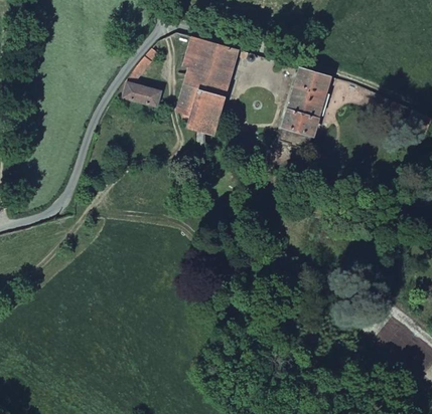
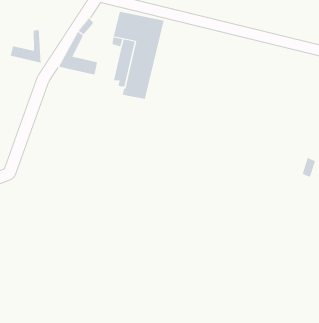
building: none -> [10,29,41,63]
building: [278,68,331,149] -> none

